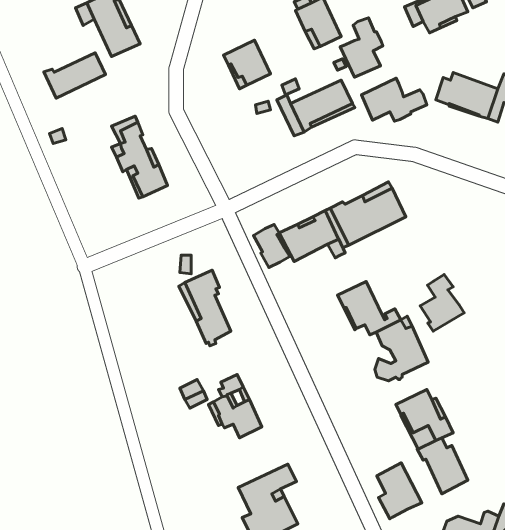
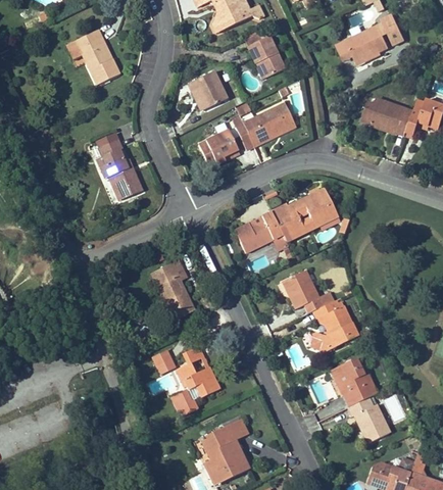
building: [340,18,383,77] -> none
building: [44,53,105,98] -> none
building: [362,78,427,121] -> none
building: none -> [198,130,240,167]
building: [253,224,290,268] -> none
building: [420,274,464,331] -> none
building: none -> [170,388,198,413]
building: [377,463,422,519] -> none

